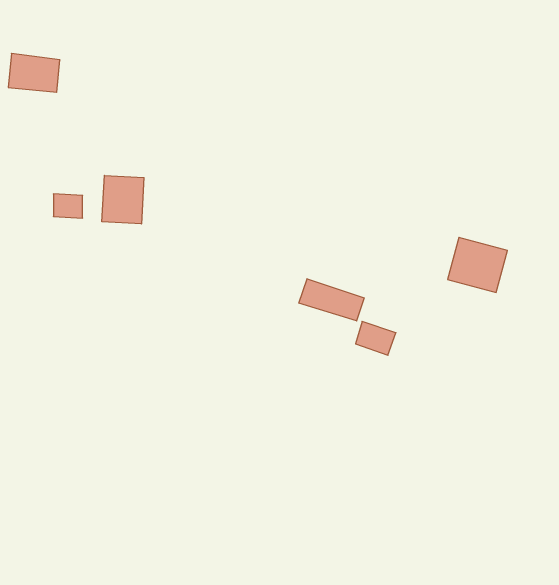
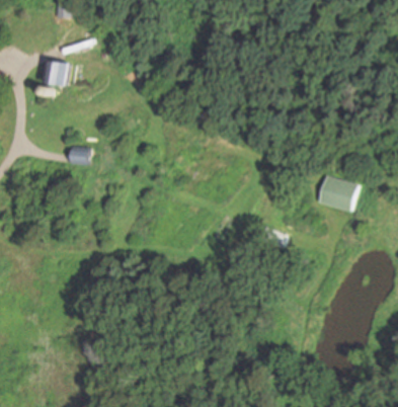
building: [102,175,144,224] -> none
building: [299,279,364,321] -> none

